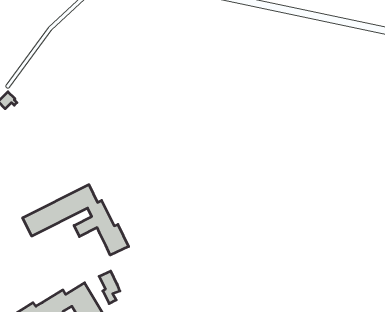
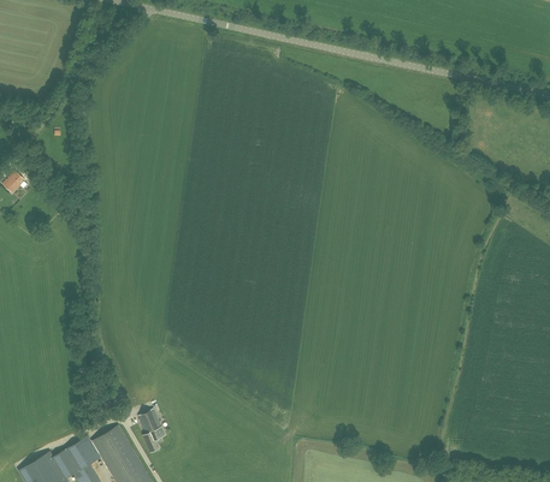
building: [23,185,129,255] -> none

